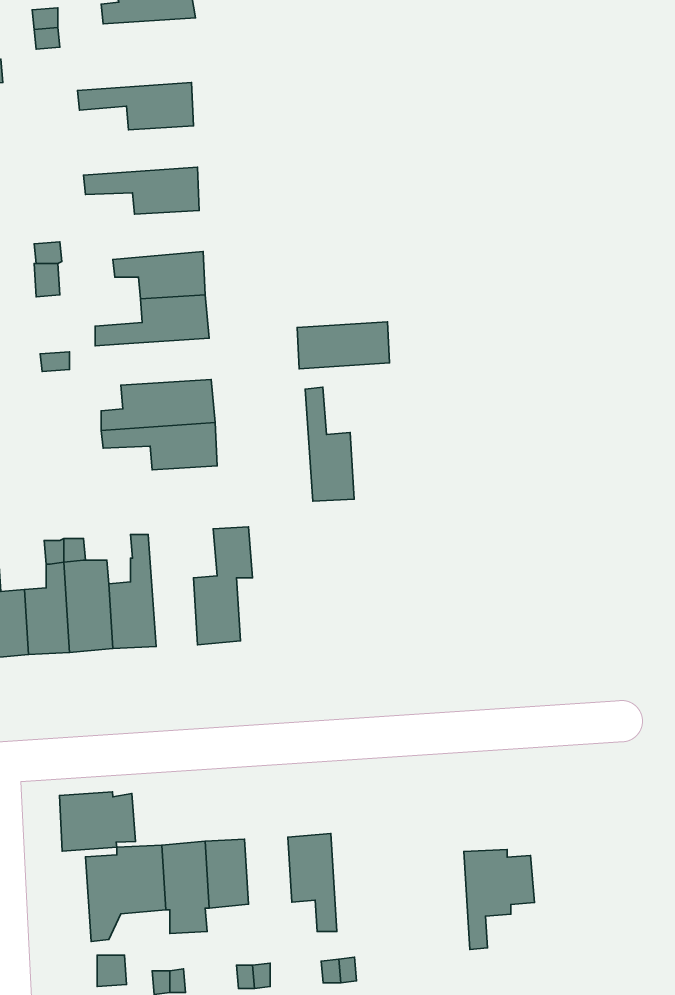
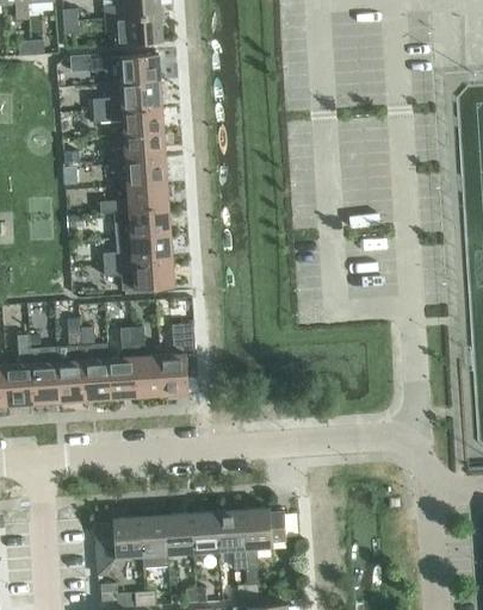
building: none -> [105,15,162,45]
building: none -> [93,81,162,111]
building: none -> [110,132,166,162]
building: [297,322,390,369] -> [114,210,171,238]
building: [305,387,354,501] -> [132,328,162,397]
building: [59,792,136,851] -> none
building: none -> [191,512,219,553]
building: [464,849,535,950] -> [243,509,286,569]

